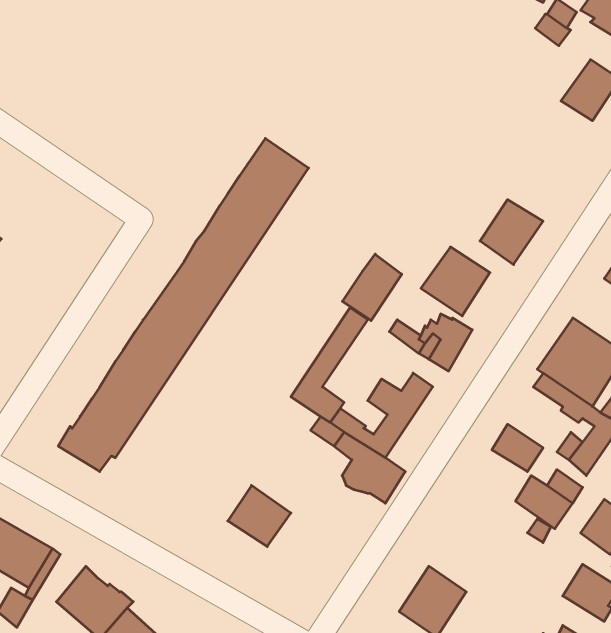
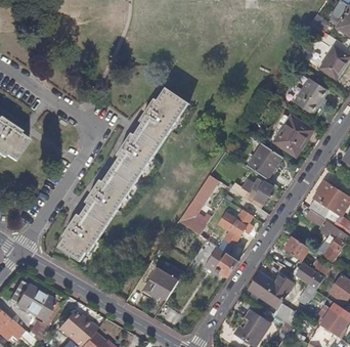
building: none -> [295,78,330,114]
building: [342,254,402,321] -> none
building: none -> [250,271,295,308]

